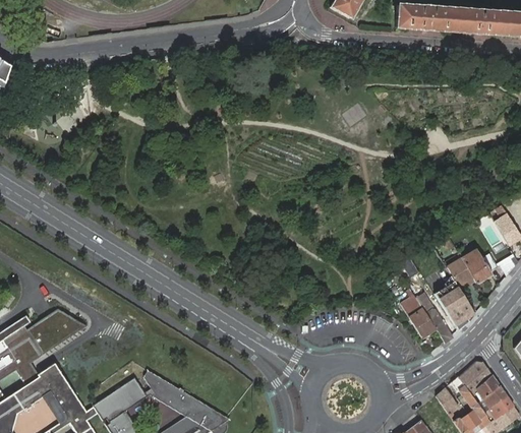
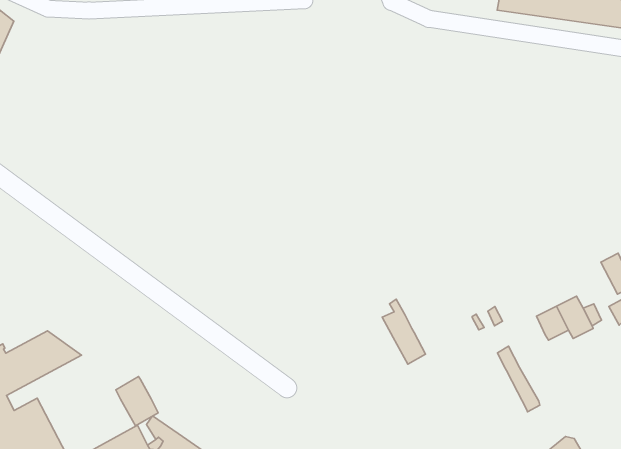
building: [432,282,472,330] -> none
building: [398,287,435,337] -> [382,299,425,364]
building: none -> [116,377,158,426]

